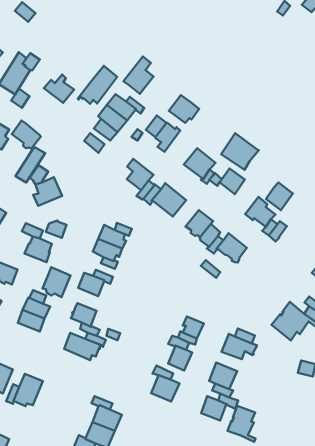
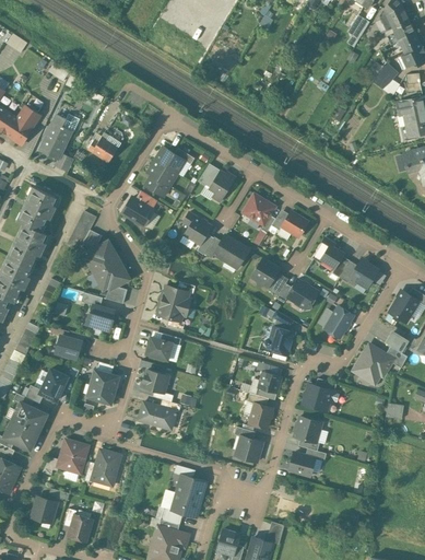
building: [124,56,154,94] -> none
building: [78,66,117,104] -> none
building: [169,95,199,123] -> none
building: [12,121,41,149] -> [122,198,153,226]
building: [221,133,259,170] -> none
building: [266,183,293,210] -> [351,260,378,289]
building: none -> [95,260,129,290]
building: none -> [324,306,354,339]
building: [42,267,70,297] -> none
building: none -> [265,327,294,354]
building: [227,406,255,442] -> none

